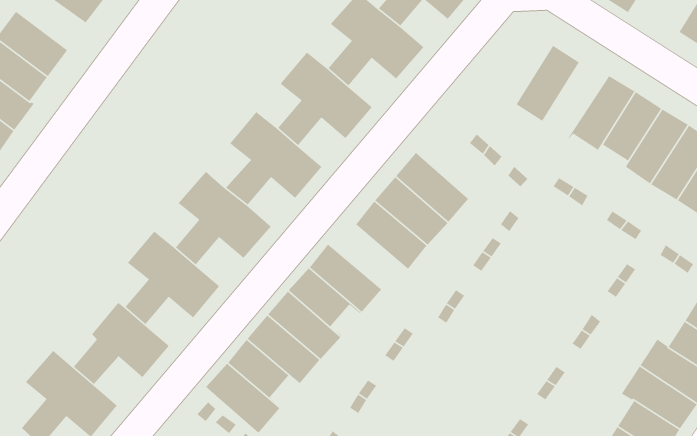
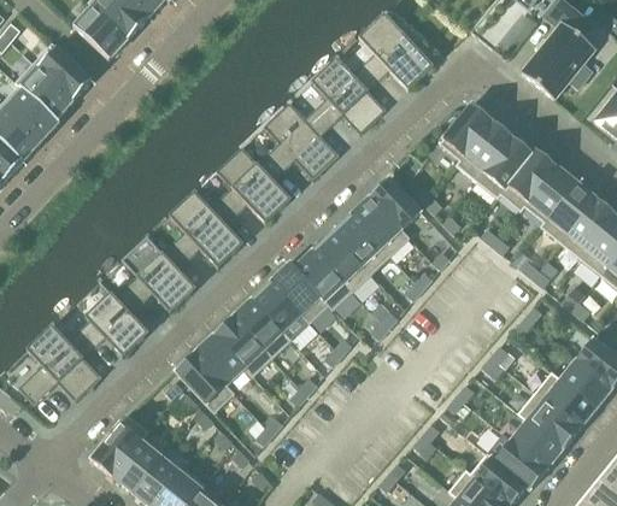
building: none -> [439,102,493,165]
building: none -> [477,136,536,198]
building: none -> [370,177,422,239]
building: none -> [289,249,353,310]

